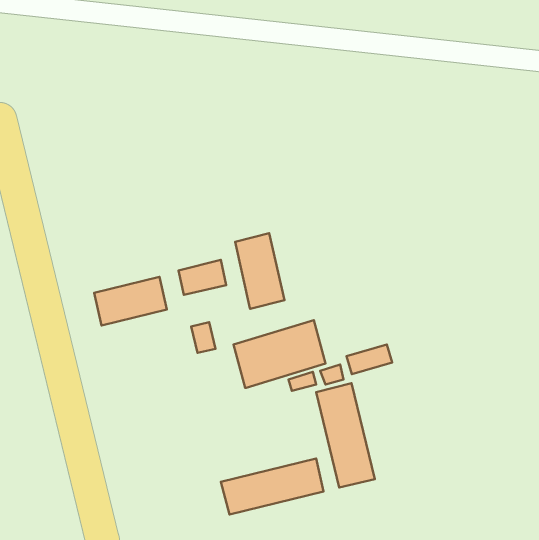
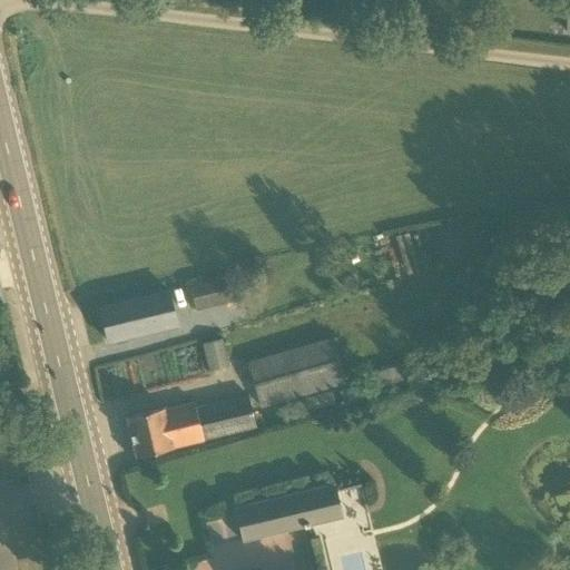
building: [235,233,284,309] -> none
building: none -> [126,395,256,458]
building: [316,383,375,487] -> none

